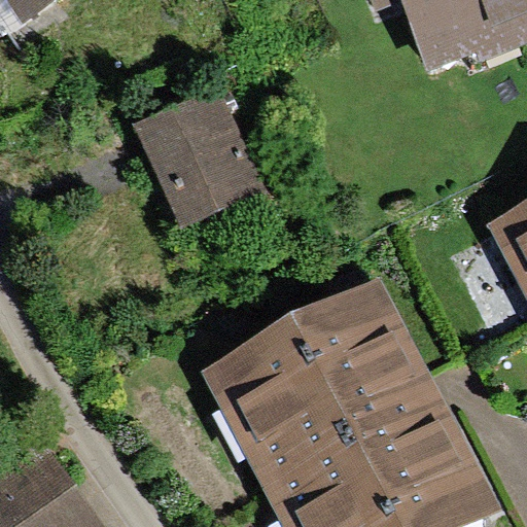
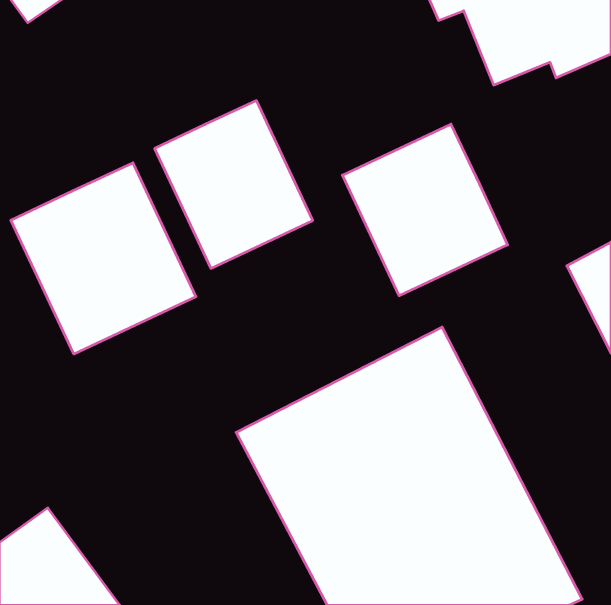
building: none -> [342,124,508,296]
building: none -> [11,163,196,354]

